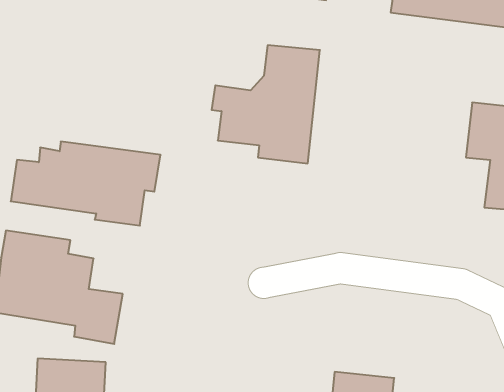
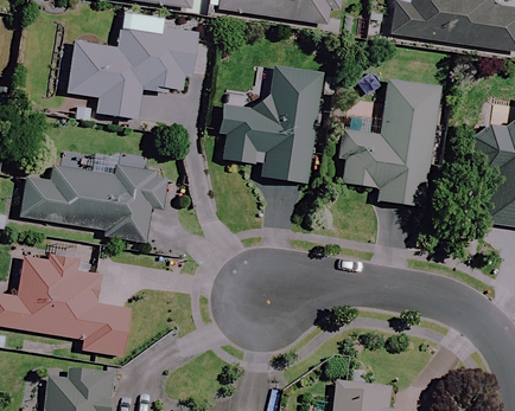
building: none -> [64,27,198,116]
building: none -> [338,83,437,206]

